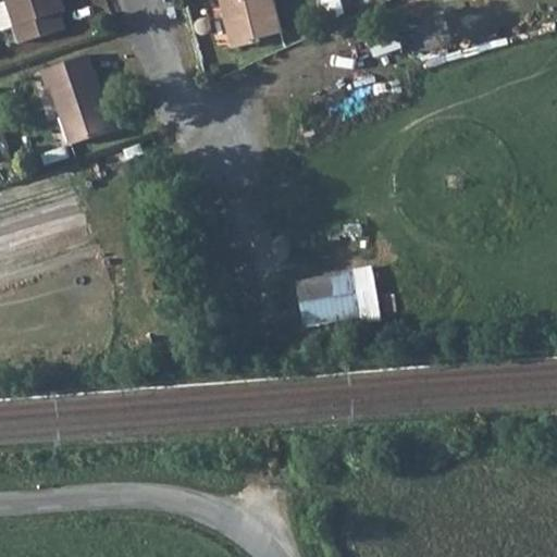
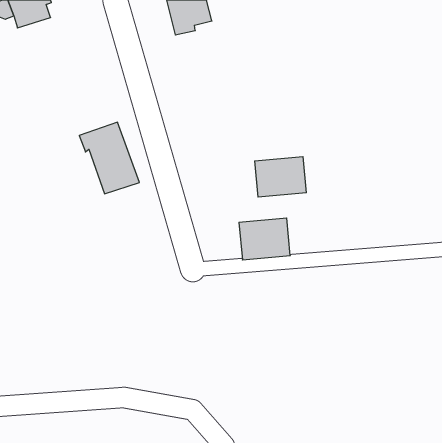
building: [41,47,116,136] -> [79,122,139,194]
building: none -> [255,157,306,197]

